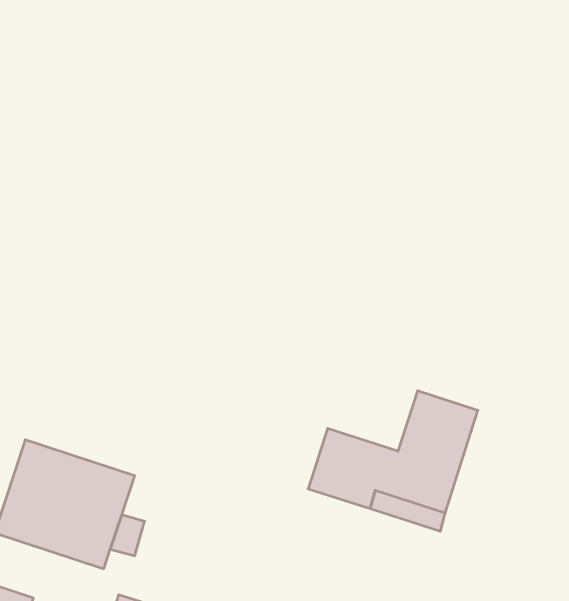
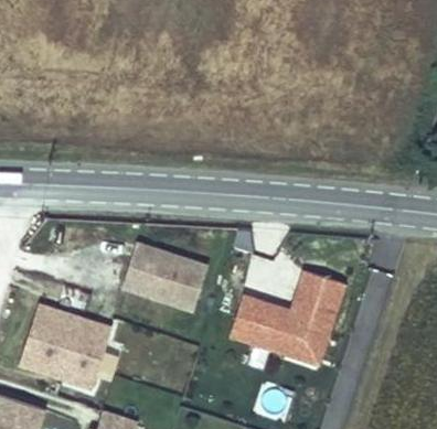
building: none -> [124,244,209,311]

